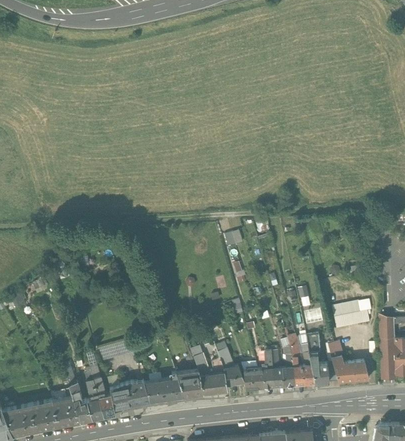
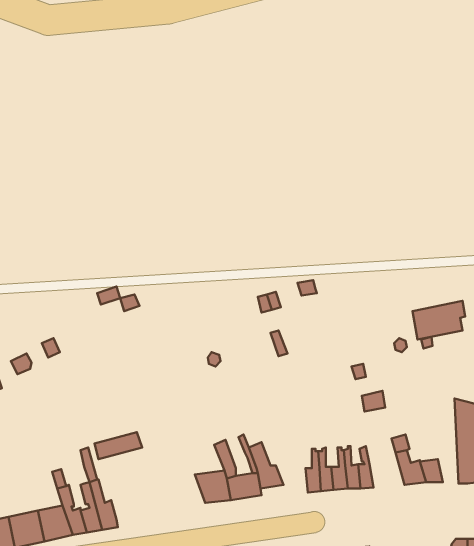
building: [331,302,372,332] -> [413,301,465,340]
building: [306,335,328,384] -> none
building: [244,367,264,389] -> none
building: [145,373,184,401] -> none
building: [110,382,145,409] -> none

